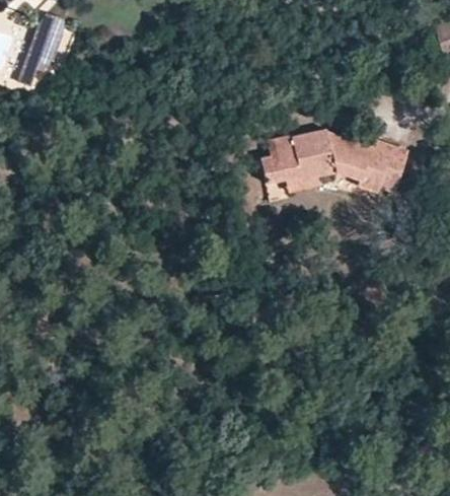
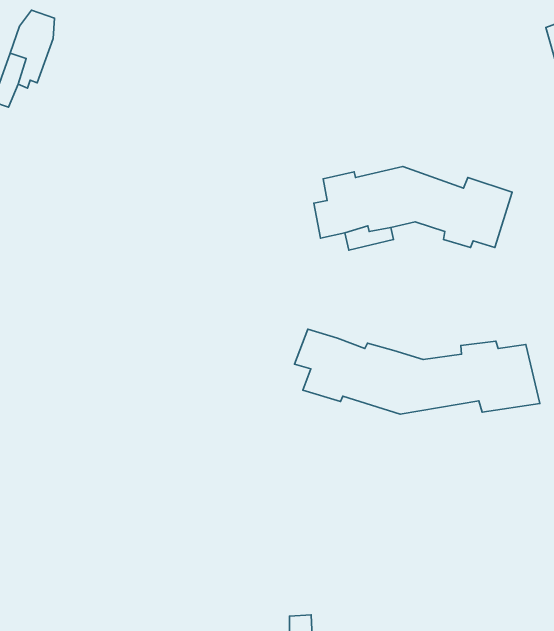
building: none -> [294,329,540,414]

